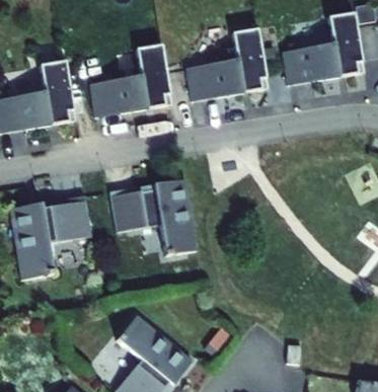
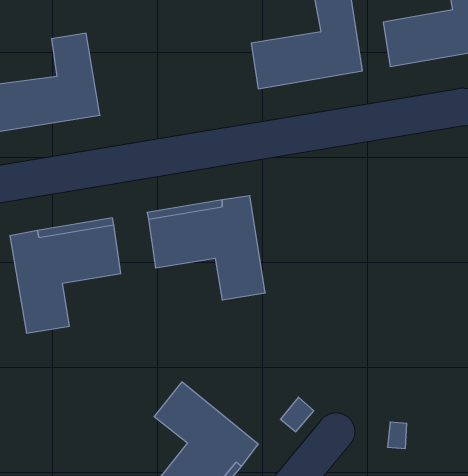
building: [90,44,172,116] -> none

